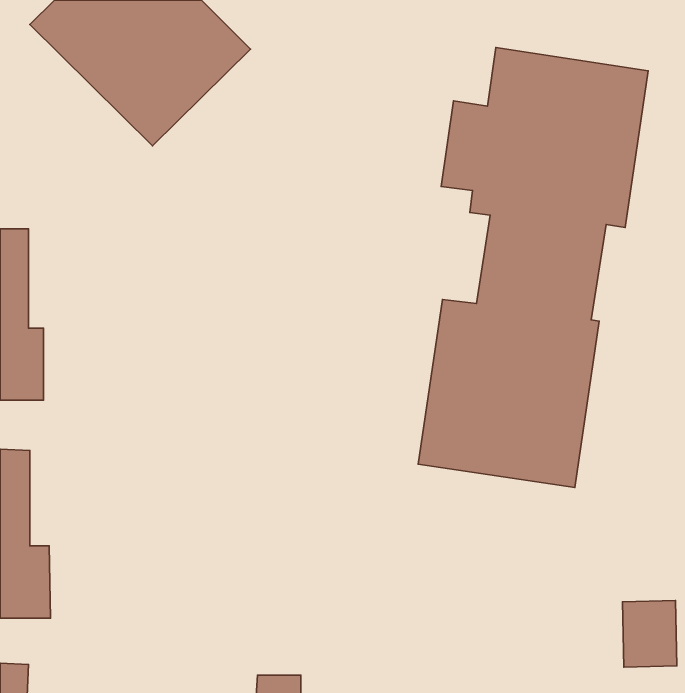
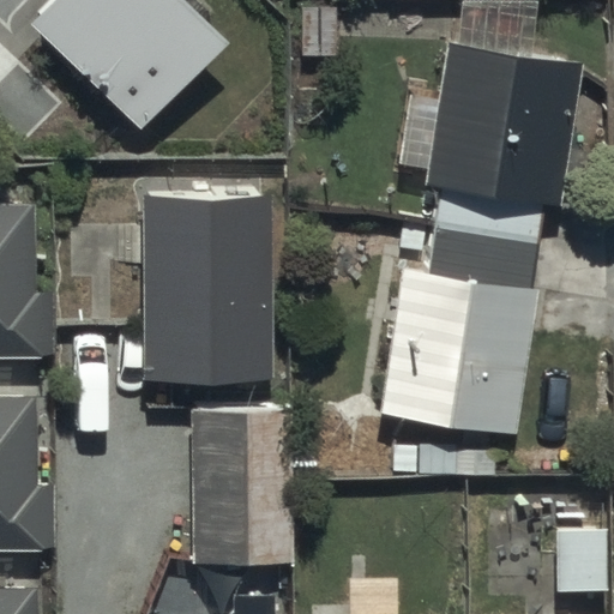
building: none -> [137,195,273,381]
building: none -> [188,407,294,566]

